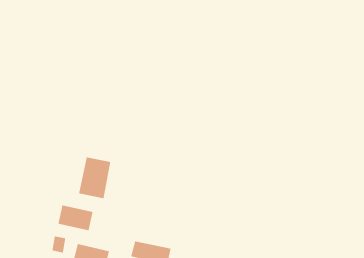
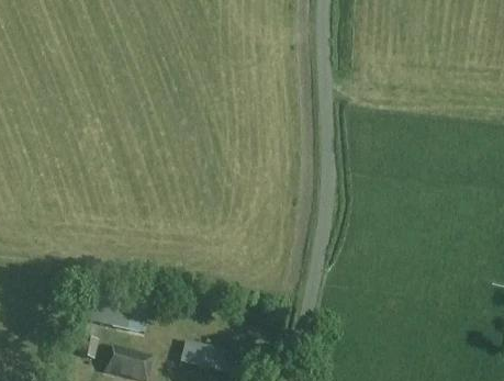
building: [78,156,111,199] -> none

